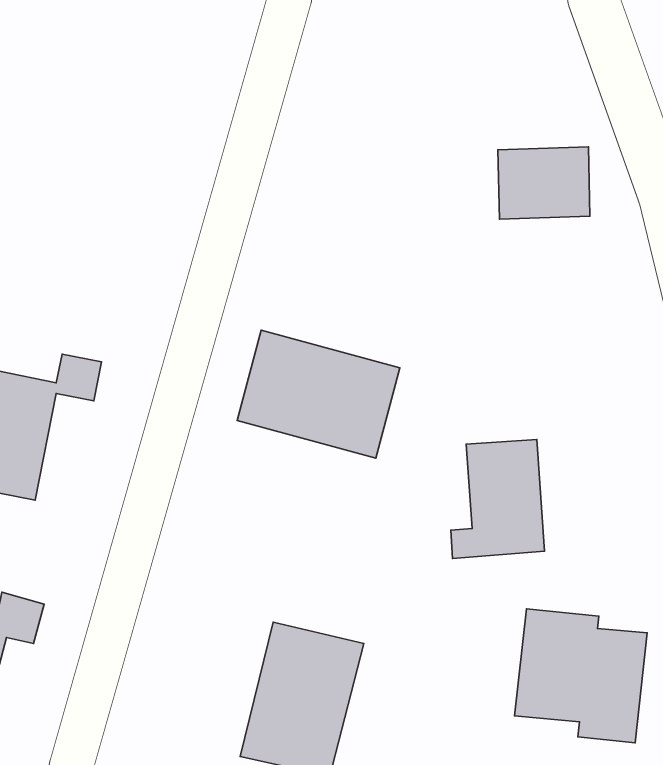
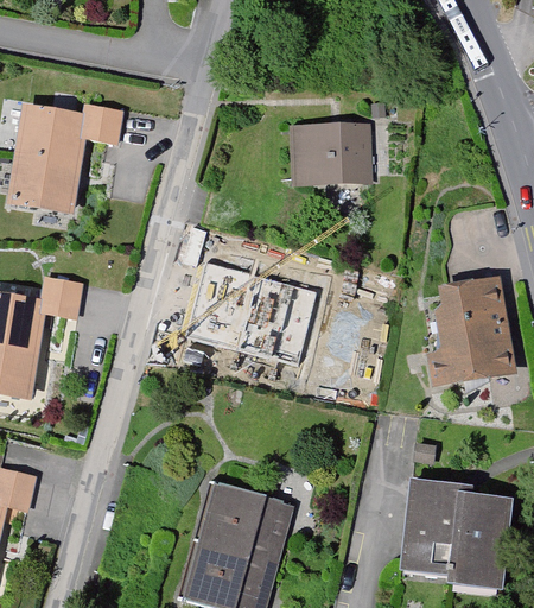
building: none -> [14,106,122,207]
building: [498,147,590,219] -> [297,127,369,184]
building: [451,440,544,559] -> [432,283,506,376]

